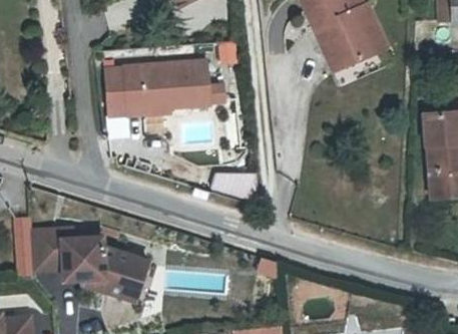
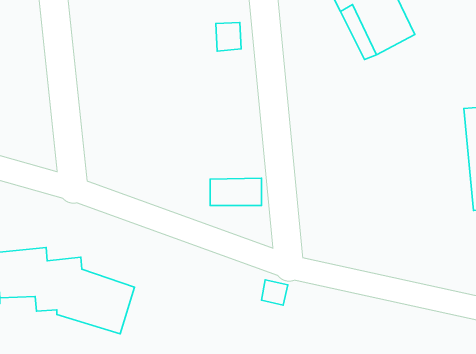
building: [104,57,227,116] -> none

